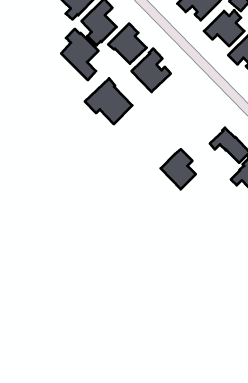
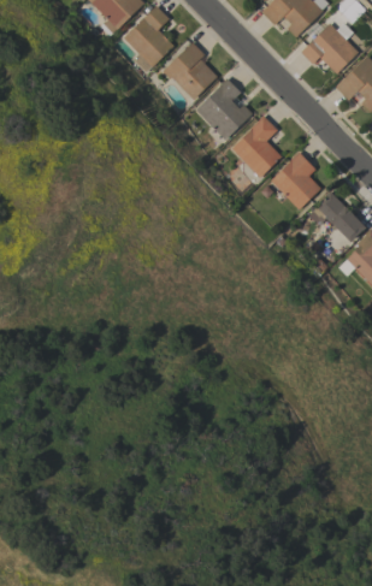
building: [61,29,98,80] -> none
building: none -> [232,114,282,177]
building: [85,78,132,124] -> none
building: [161,149,196,189] -> [271,152,321,209]

